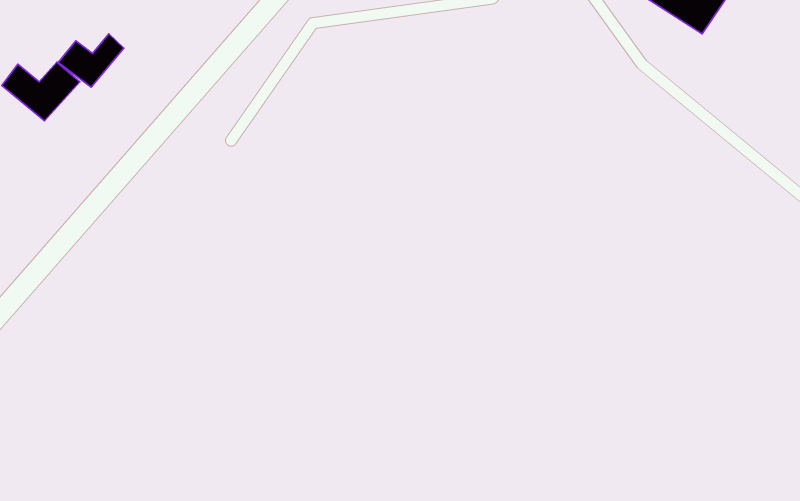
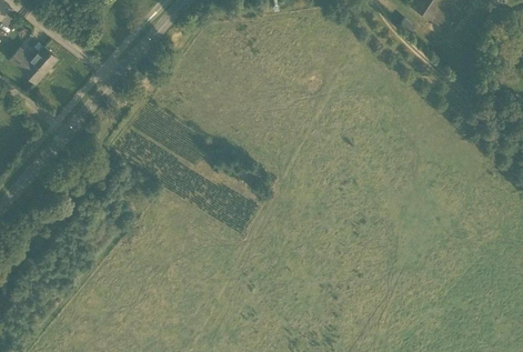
building: [58,34,124,87] -> none

